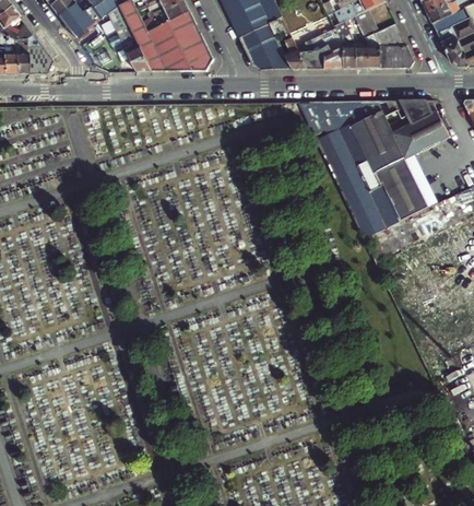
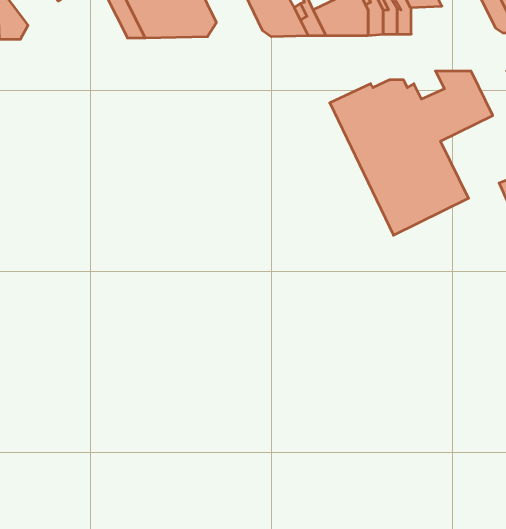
building: [380,45,414,67] -> none
building: [300,99,374,126] -> none

